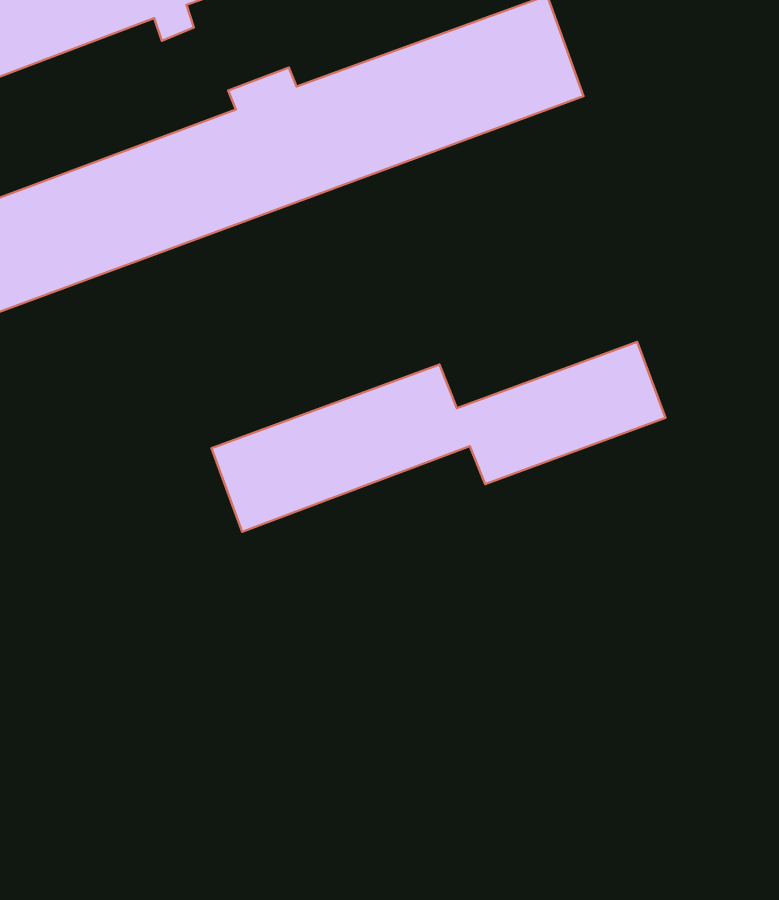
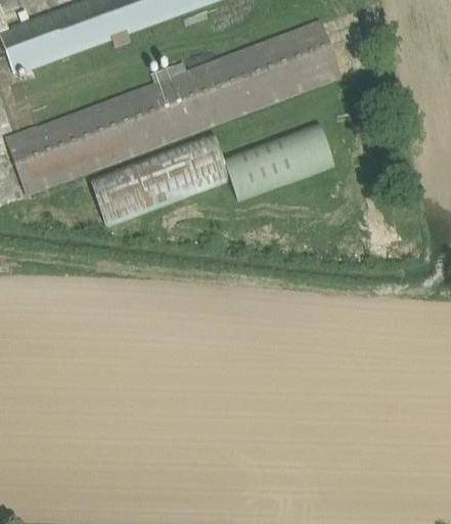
building: [212,342,666,532] -> [89,120,333,222]

